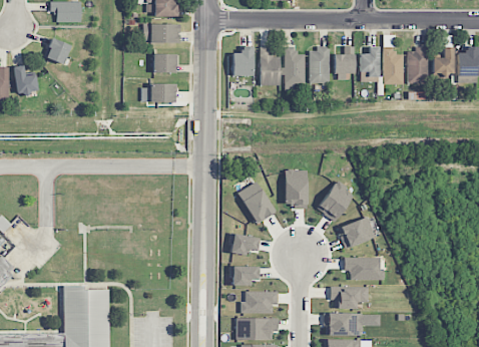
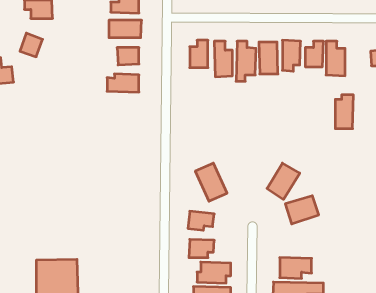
building: [408,46,428,83] -> [335,95,353,129]
building: [284,168,308,207] -> none
building: [344,257,384,280] -> none

